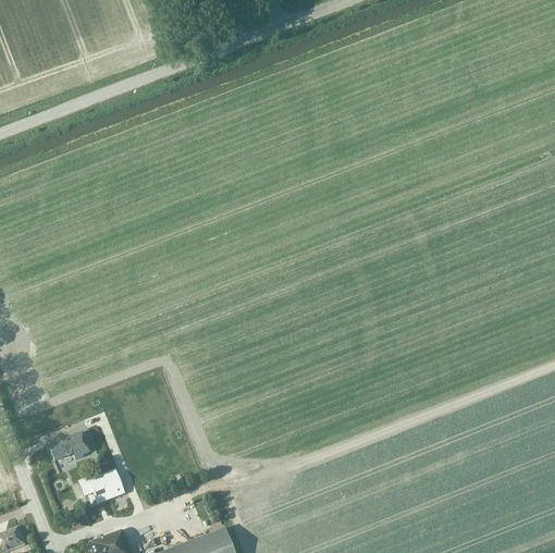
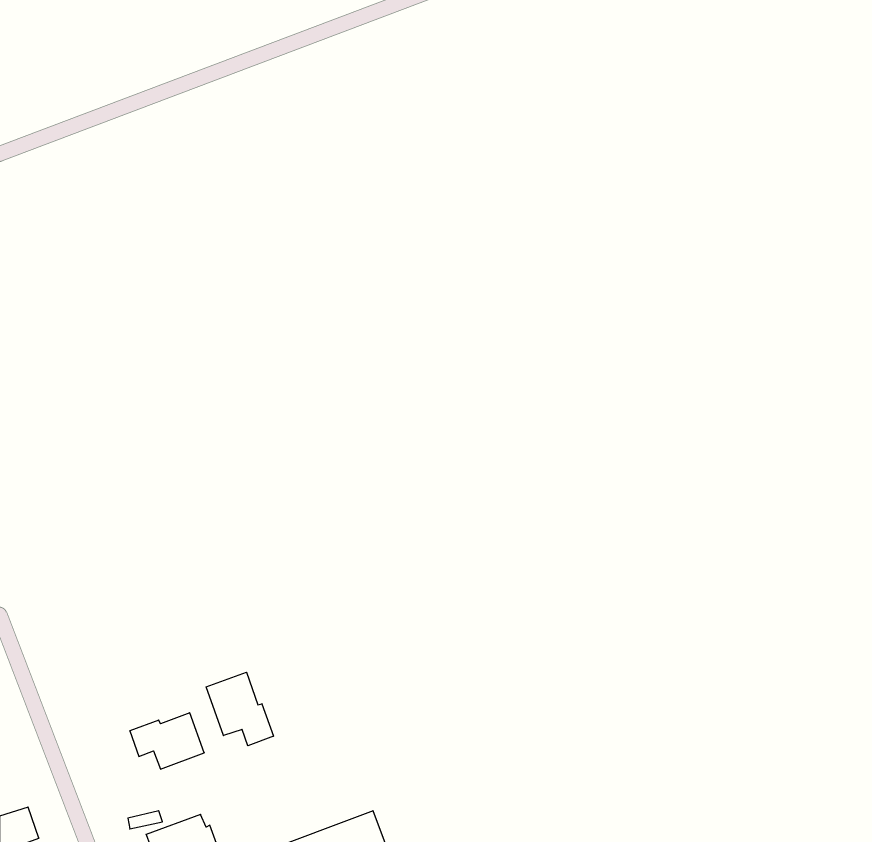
building: [49,433,89,463] -> none
building: none -> [206,672,273,746]

